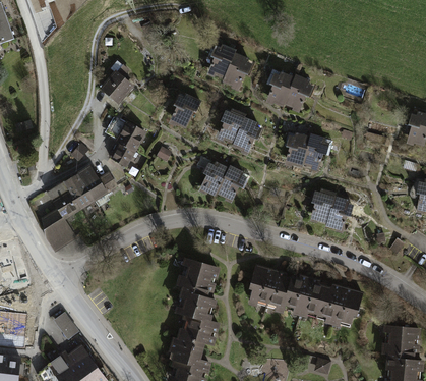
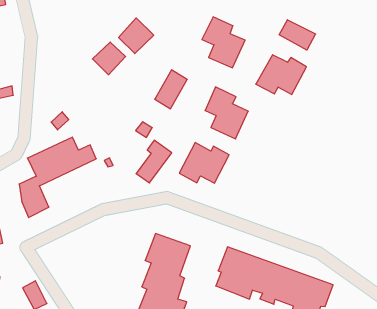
building: none -> [279,20,316,50]
building: none -> [119,18,154,54]
building: [111,123,144,166] -> [136,140,172,183]
building: [286,131,330,170] -> none
building: [309,186,352,235] -> none

